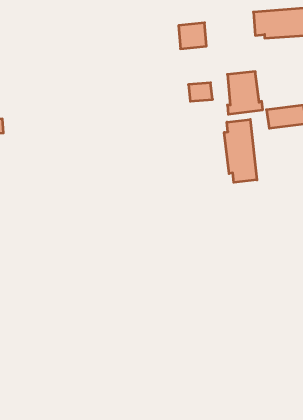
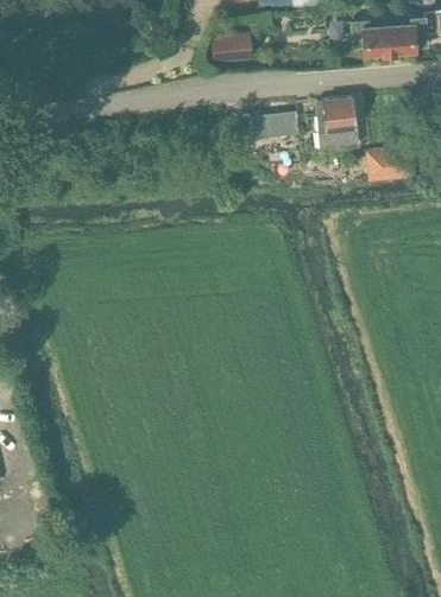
building: [179,23,206,49] -> [213,34,248,68]
building: [224,119,257,182] -> none

